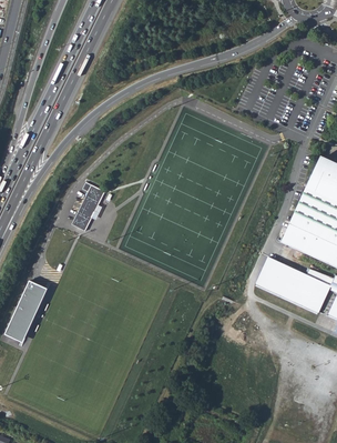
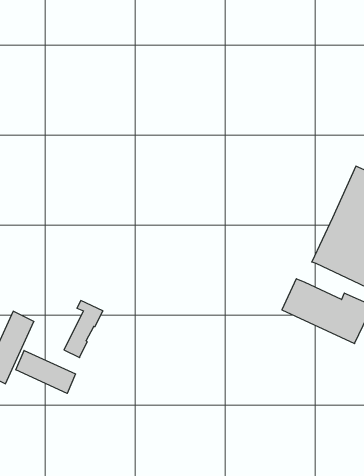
building: [70,184,103,233] -> [64,301,103,358]
building: none -> [16,350,75,393]

